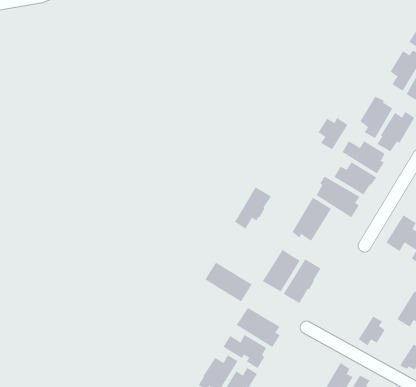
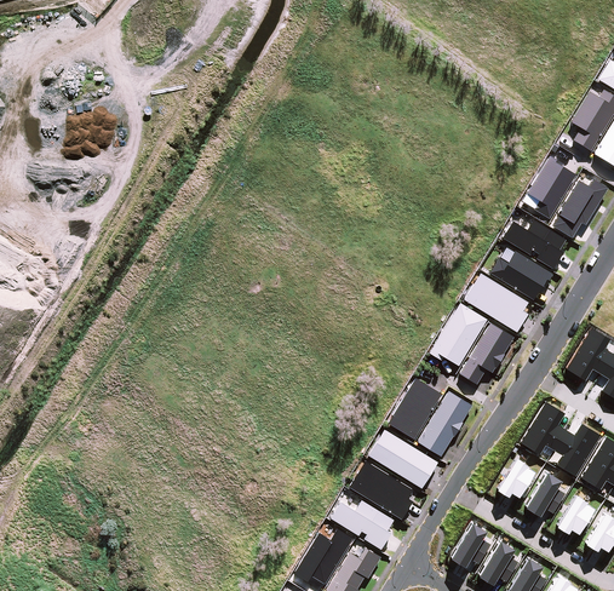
building: [318,117,348,150] -> none
building: [234,187,272,230] -> [460,322,515,384]
building: [205,262,253,302] -> [369,429,438,487]
building: none -> [520,400,601,475]
building: none -> [497,458,535,497]
building: none -> [557,495,595,534]
building: none -> [451,522,492,567]

